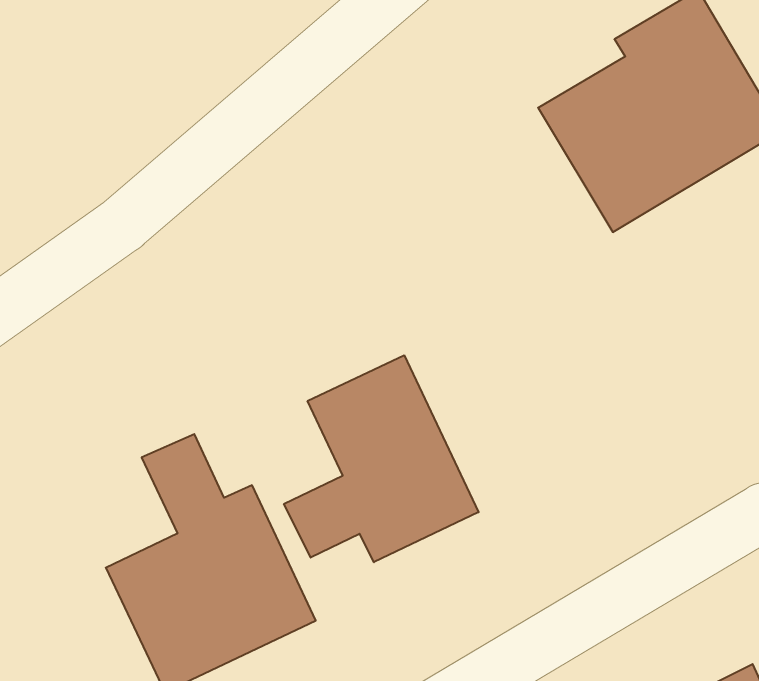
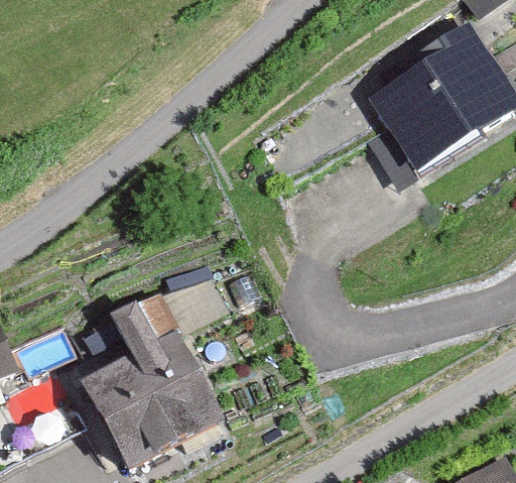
building: [284,355,479,562] -> none

